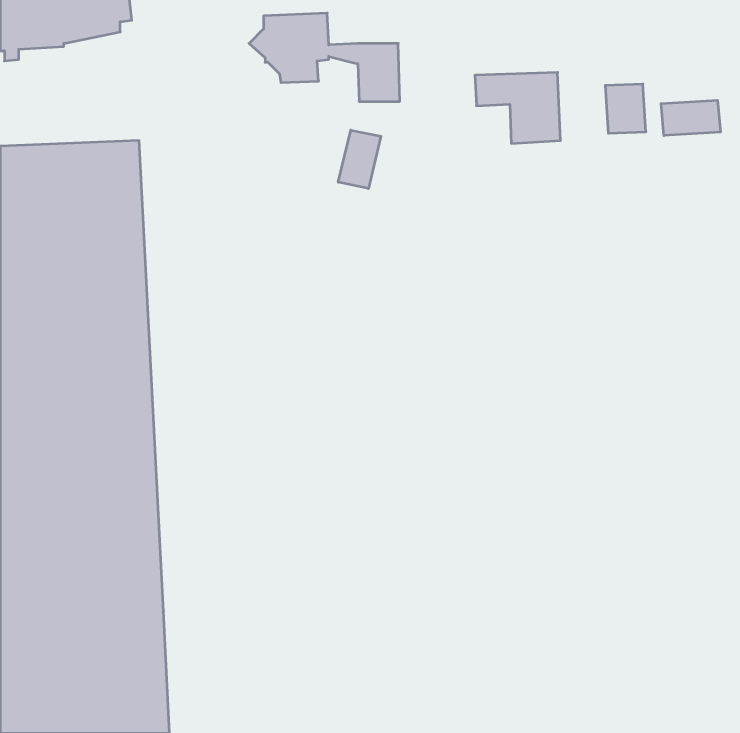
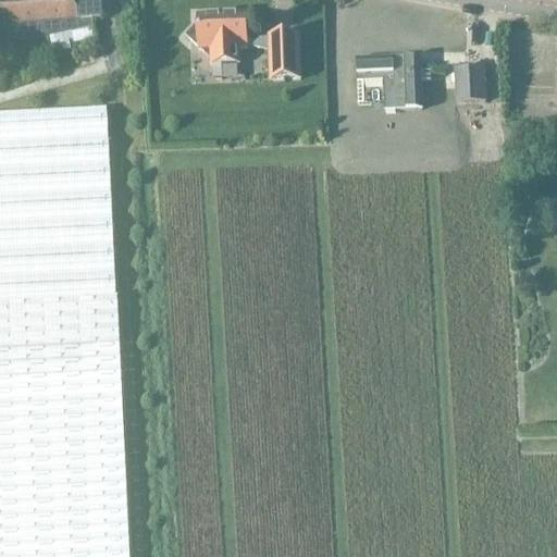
building: [661,100,720,136] -> none
building: [338,130,381,189] -> none

